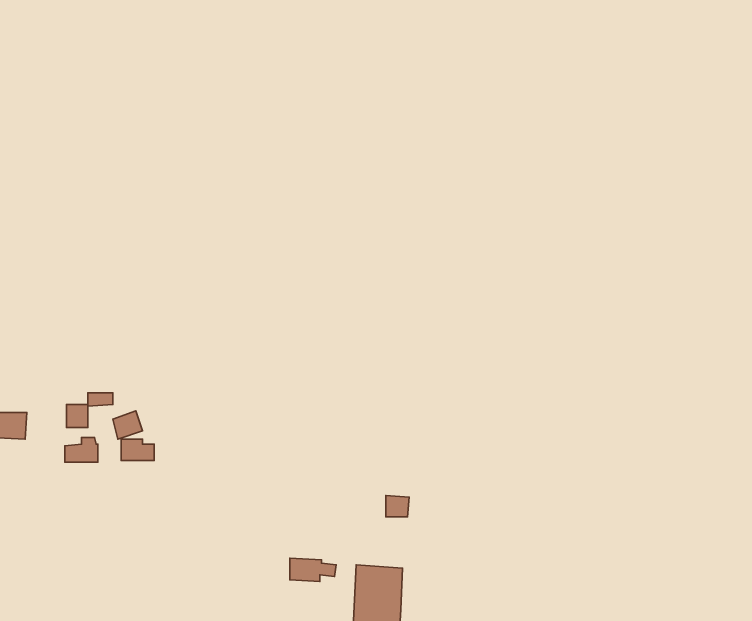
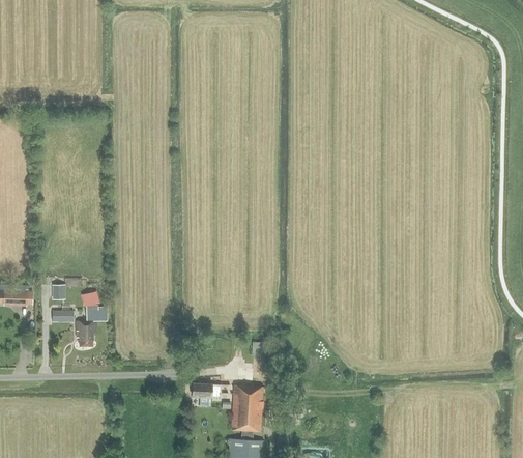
building: none -> [76,320,95,347]

